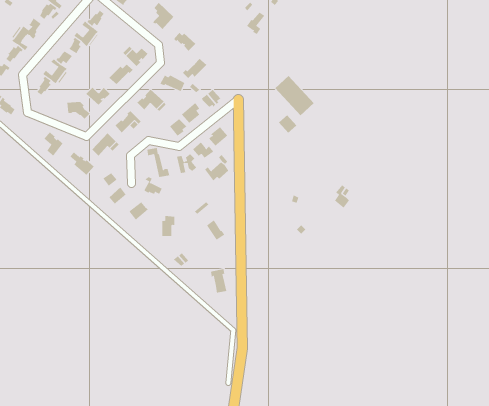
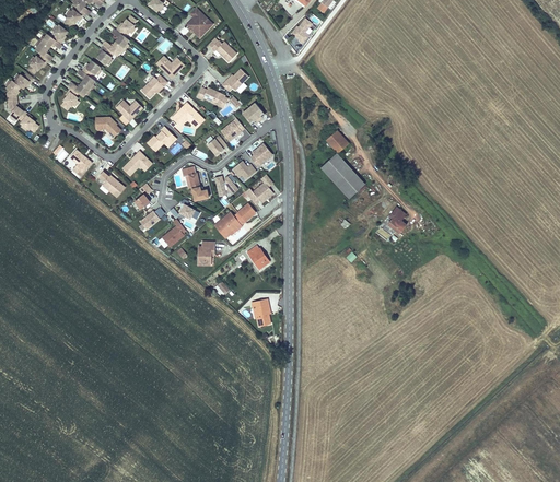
building: [275,75,314,116] -> [319,152,363,197]
building: none -> [213,202,255,237]

